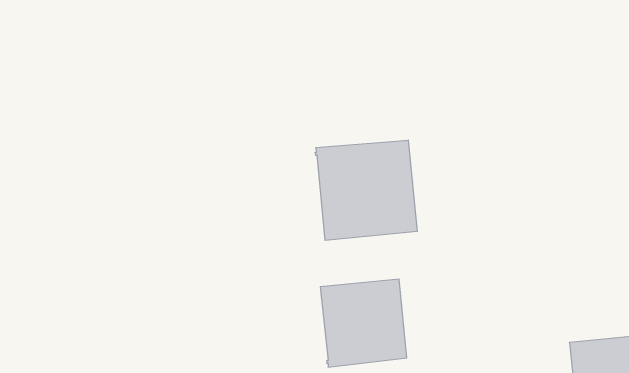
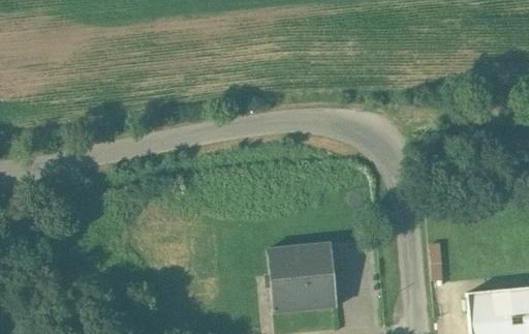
building: [315,140,417,240] -> none

